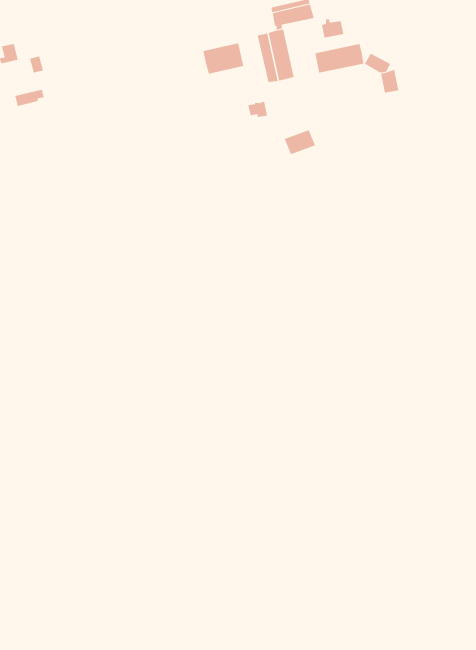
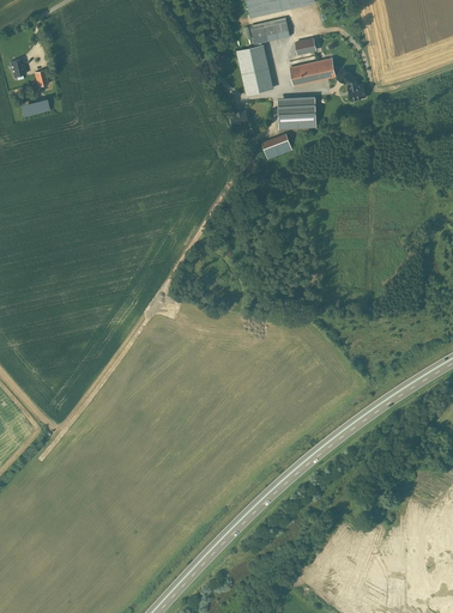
building: [203,43,244,75] -> none
building: none -> [278,99,315,127]

